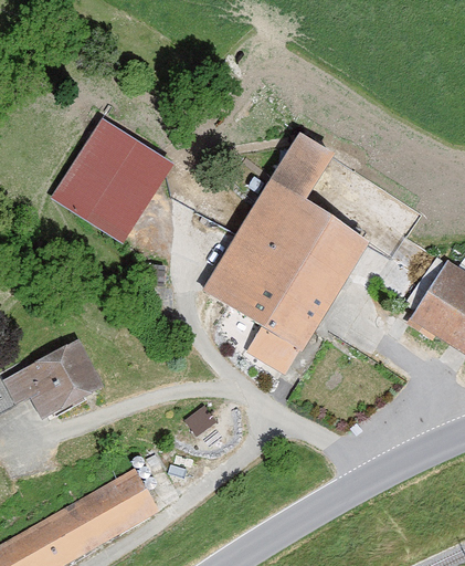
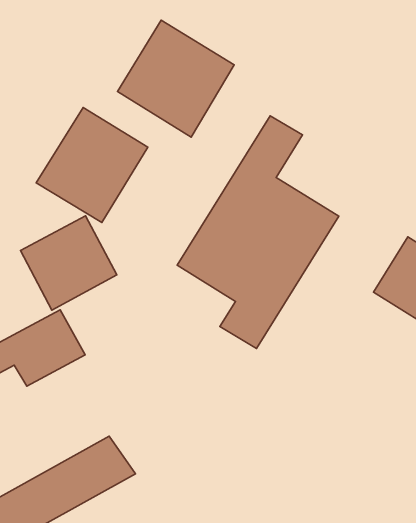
building: none -> [117,20,234,137]
building: none -> [21,216,117,310]

